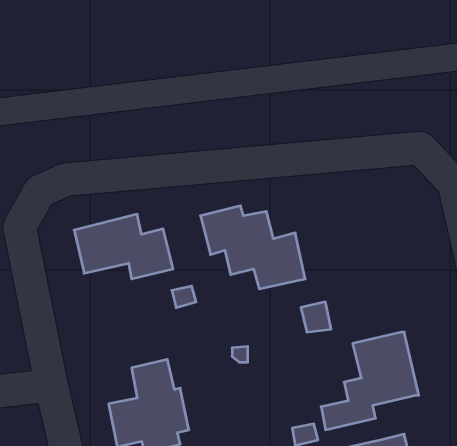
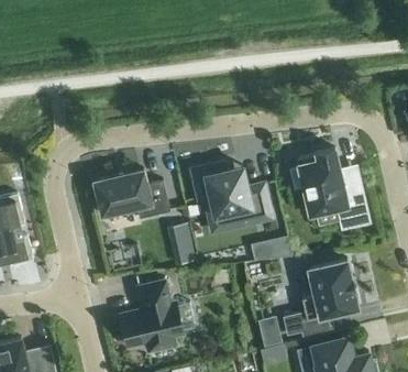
building: none -> [290,150,371,231]

